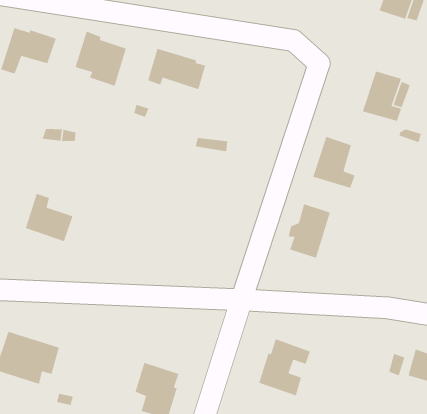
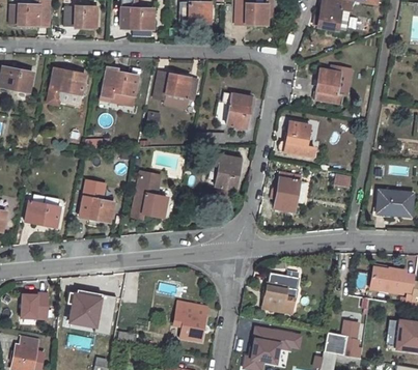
building: none -> [227,92,253,126]
building: none -> [211,152,242,189]
building: none -> [132,172,167,218]

